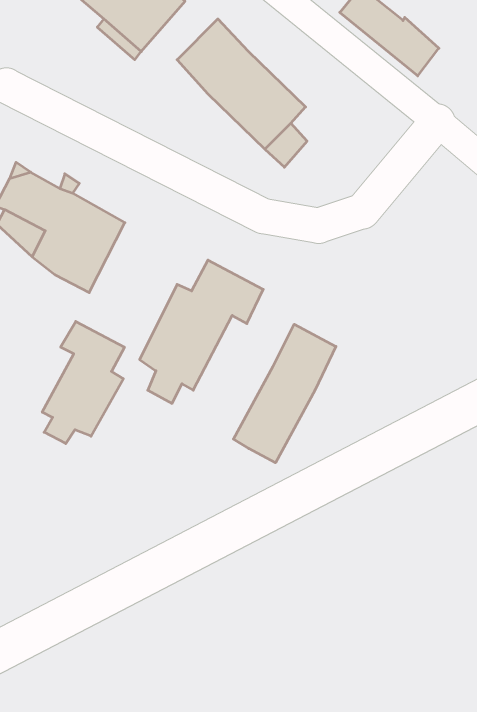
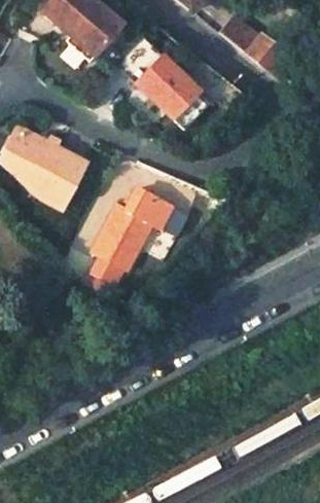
building: [42,321,124,444] -> none
building: [233,324,336,463] -> none

